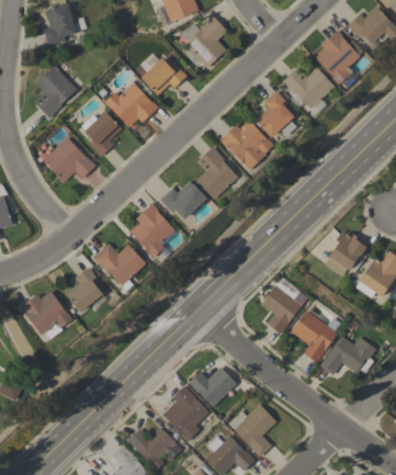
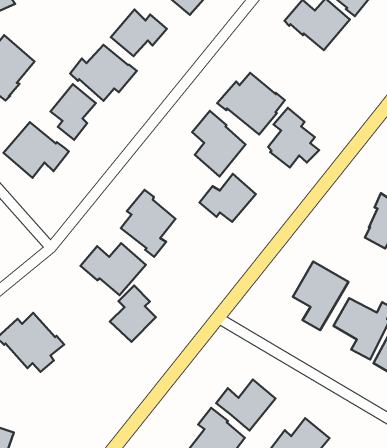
building: [257,90,297,138] -> [268,108,319,167]
building: [160,180,206,218] -> [200,174,256,222]
building: [66,267,103,312] -> [110,286,156,342]

